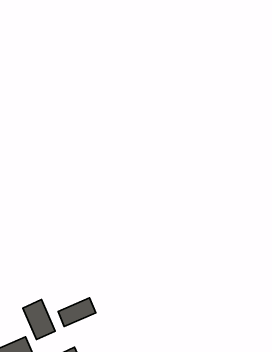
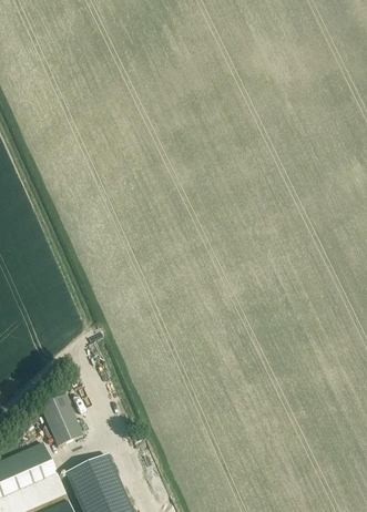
building: [58,298,96,327] -> none

